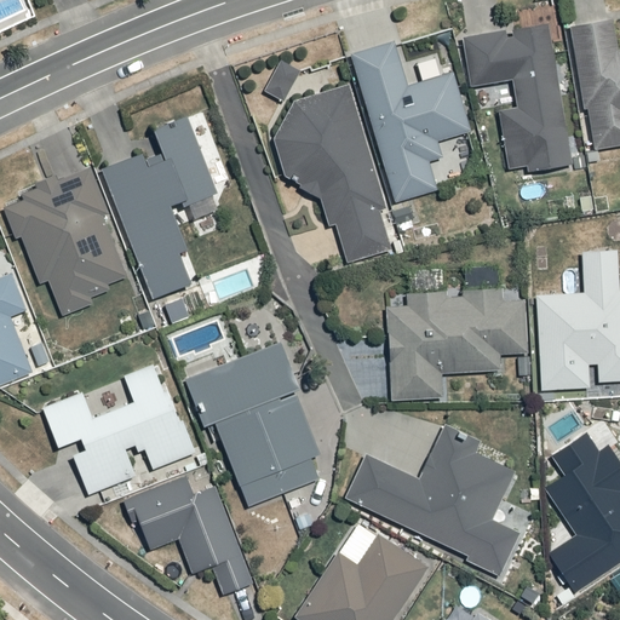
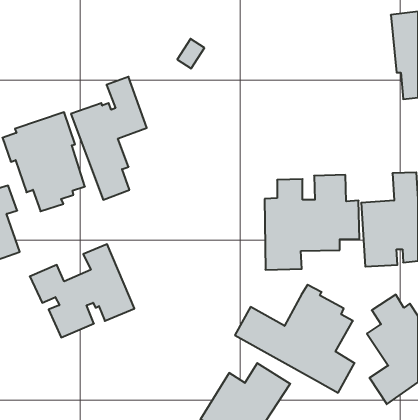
building: [464,24,570,173] -> none
building: [354,45,470,202] -> none
building: [274,86,391,260] -> none
building: [189,344,325,503] -> none
building: [126,482,251,595] -> none

